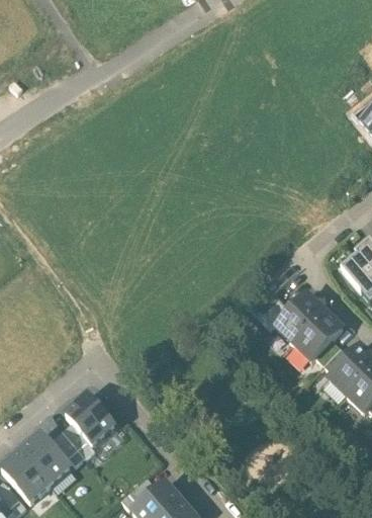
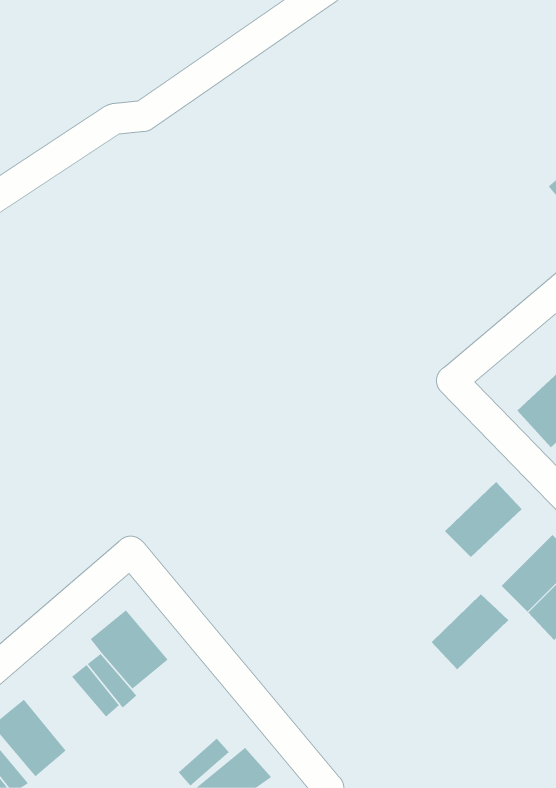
building: [276,294,327,344] -> [431,594,509,670]
building: [22,435,70,486] -> none

